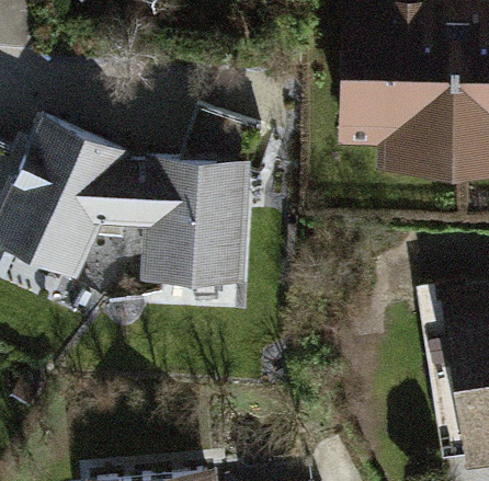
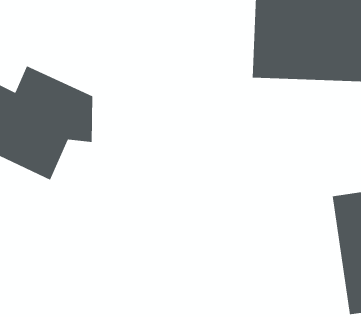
building: [130,121,262,289] -> none

